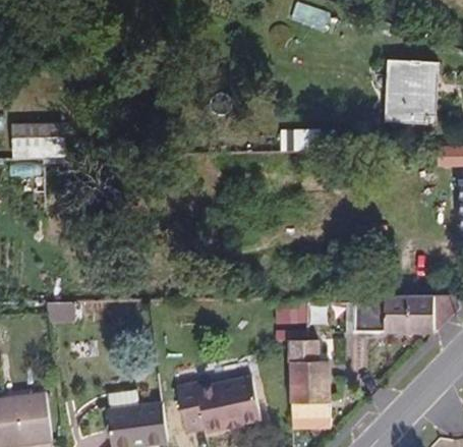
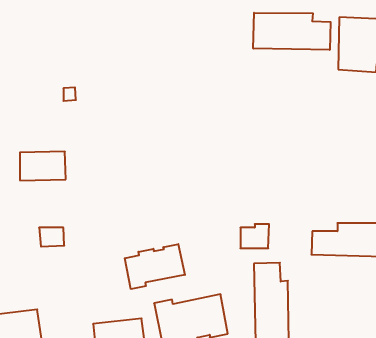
building: none -> [253,13,331,50]
building: [13,125,65,158] -> [20,152,66,180]
building: none -> [125,244,185,289]

